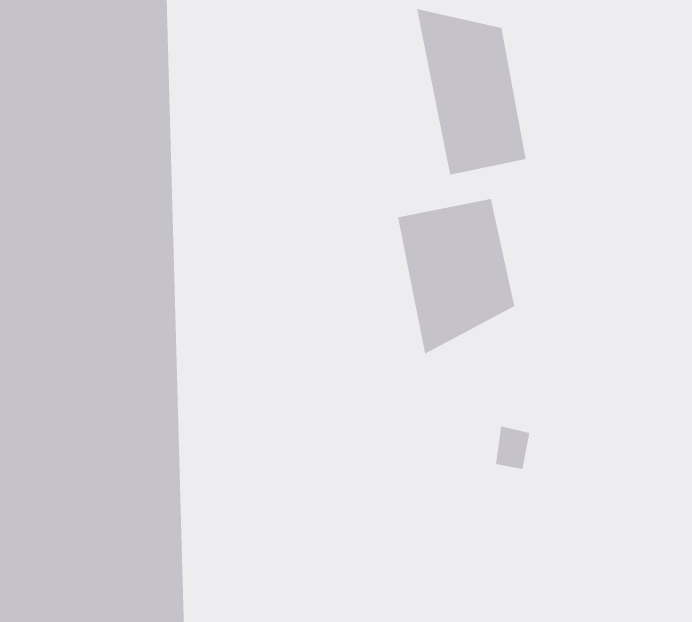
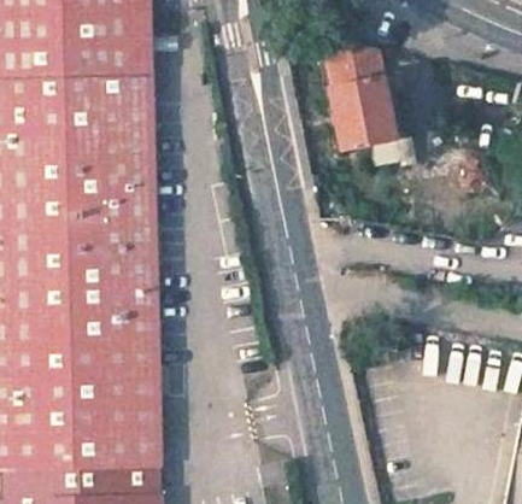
building: [397,198,515,355] -> none

